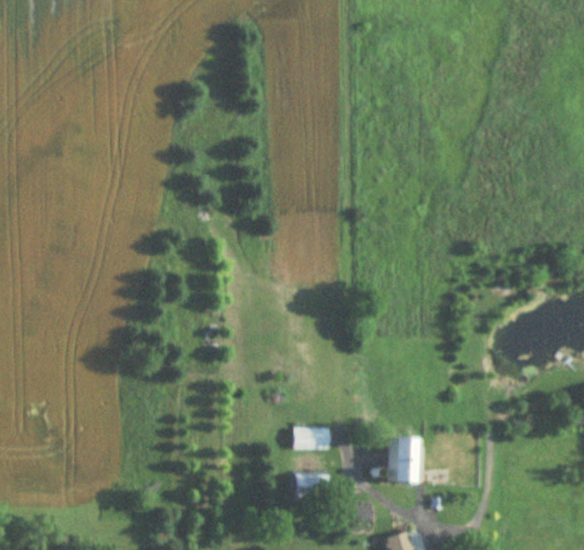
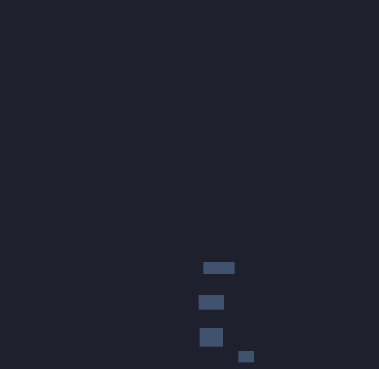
building: none -> [203,261,235,275]
building: [387,439,418,483] -> none

